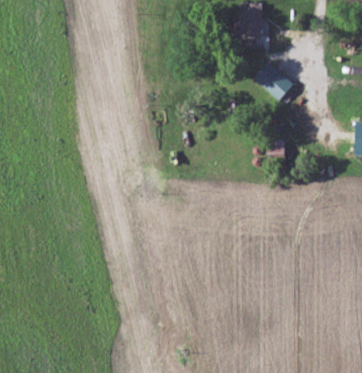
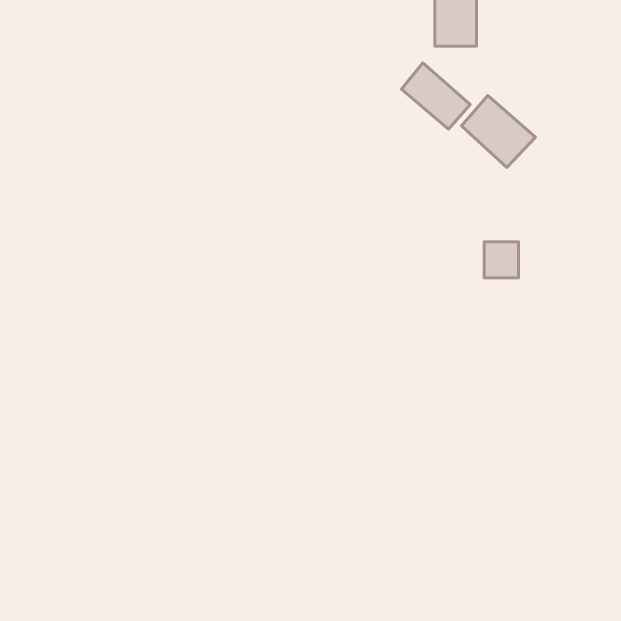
building: none -> [401,63,470,129]

